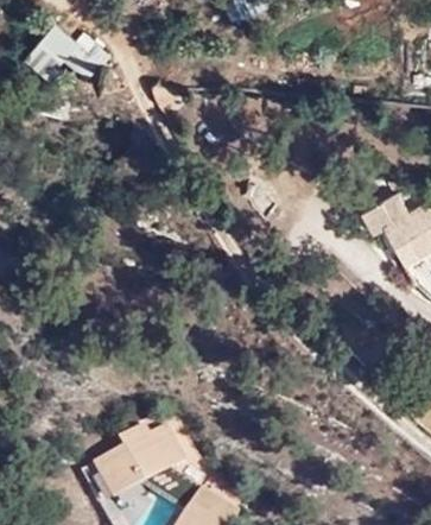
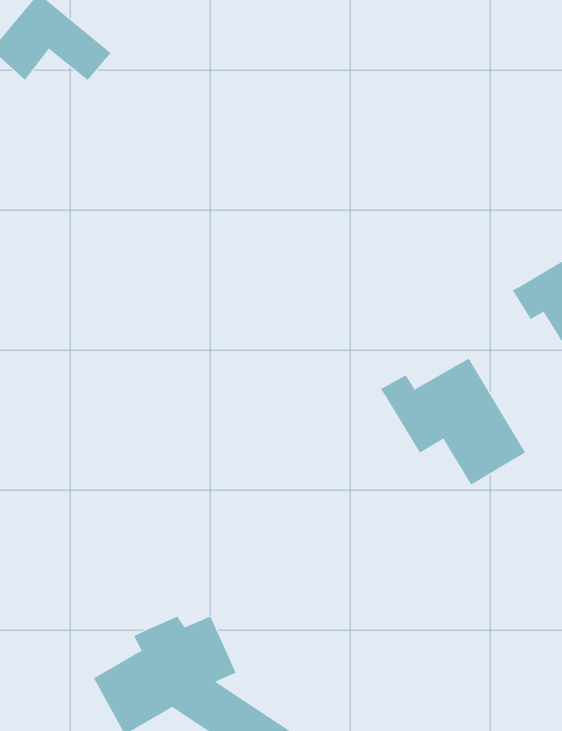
building: none -> [380,358,526,486]

